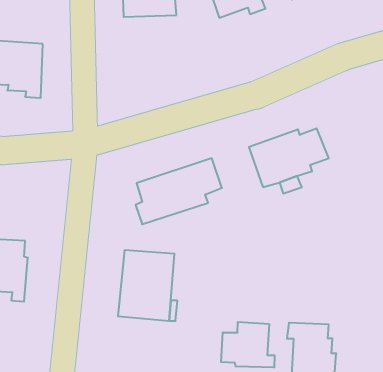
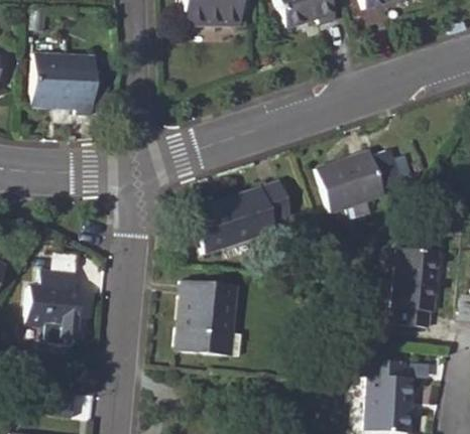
building: none -> [394,248,439,326]
building: [221,322,275,368] -> none

